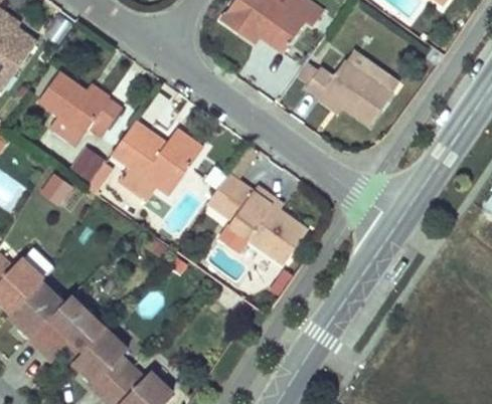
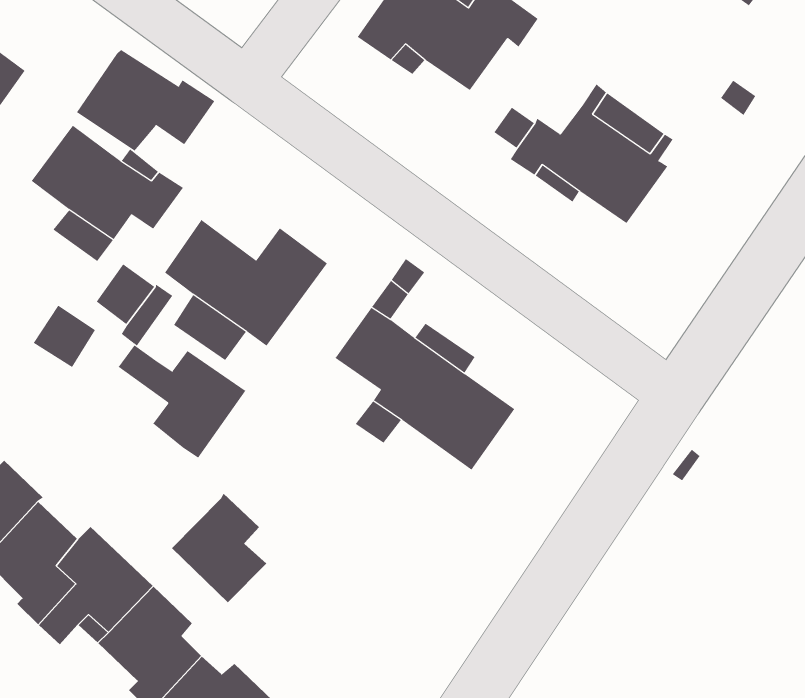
building: none -> [76,49,215,151]
building: none -> [118,344,246,459]
building: none -> [171,493,267,603]

